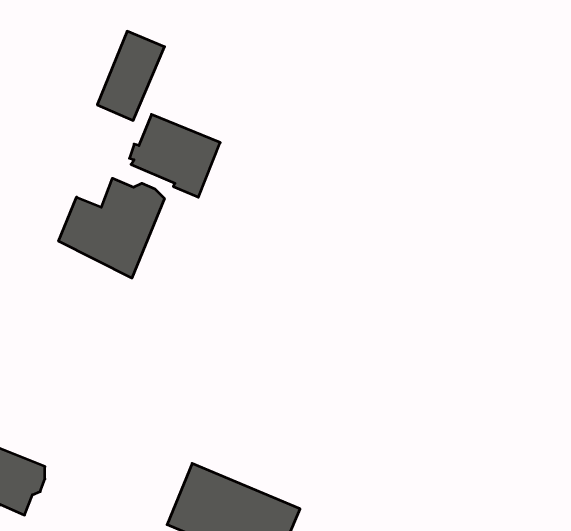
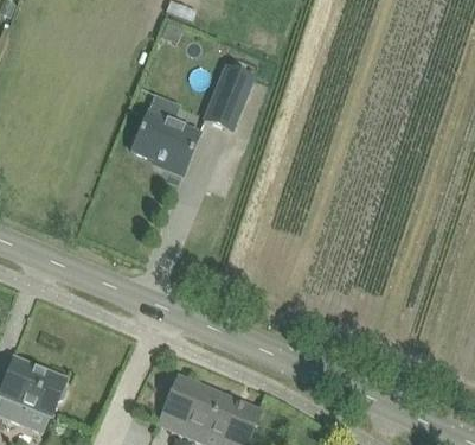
building: [97,31,165,120] -> [204,63,255,131]
building: [59,178,164,278] -> none

